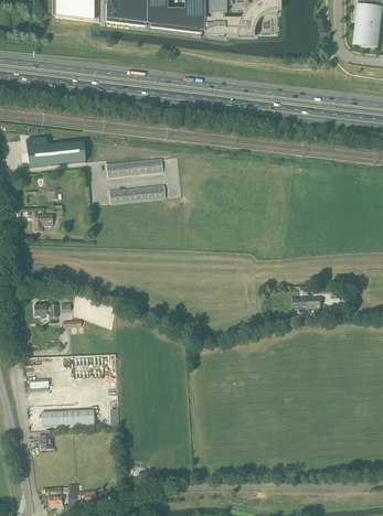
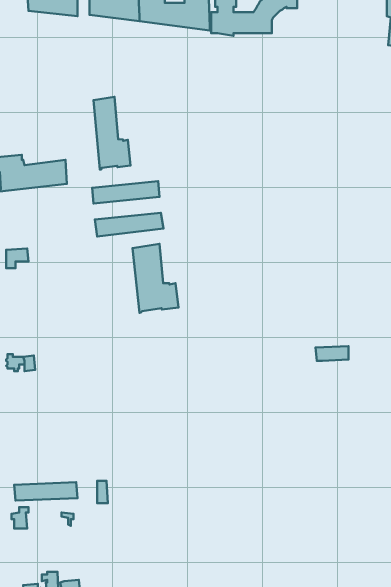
building: none -> [94,97,130,170]
building: none -> [133,244,178,313]

